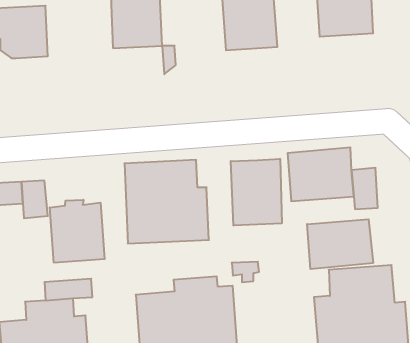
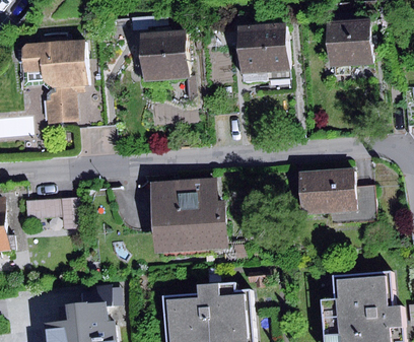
building: none -> [48,85,84,123]
building: [231,159,282,226] -> none
building: [50,200,105,263] -> none
building: [307,219,373,269] -> none

